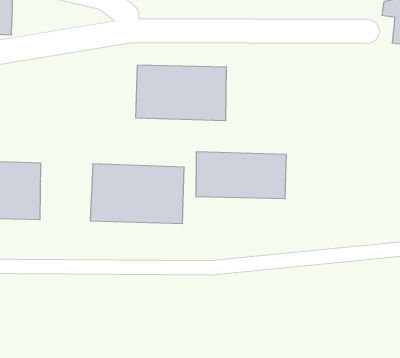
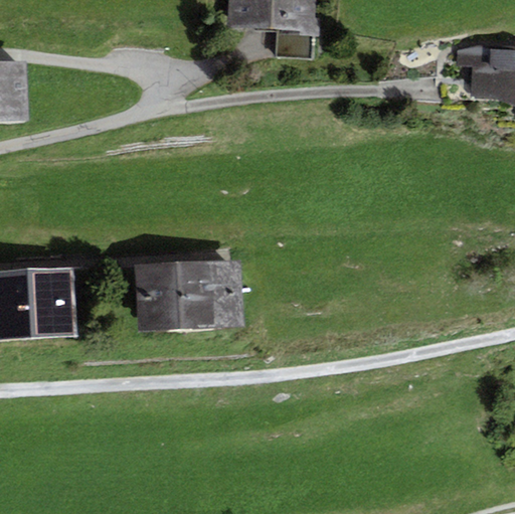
building: [136,65,226,121] -> none
building: [196,152,286,199] -> none

